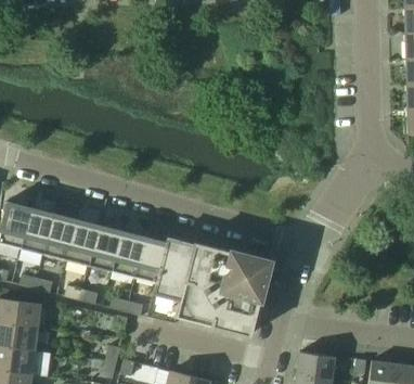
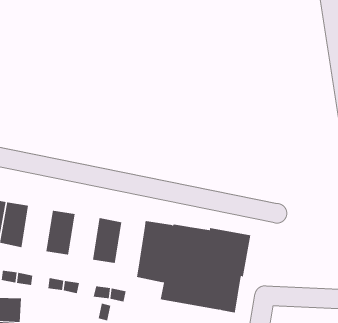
building: [44,213,77,259] -> none
building: [90,225,122,271] -> none
building: [135,236,167,282] -> none

